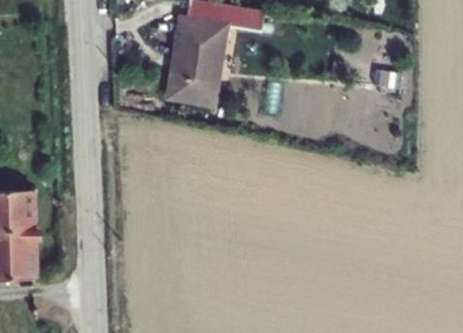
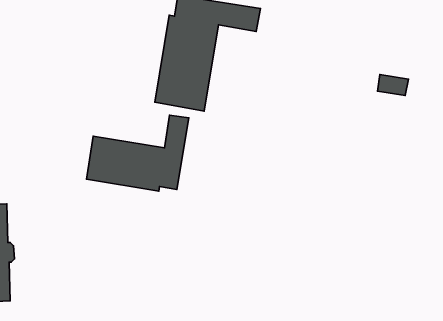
building: none -> [86,115,189,191]

